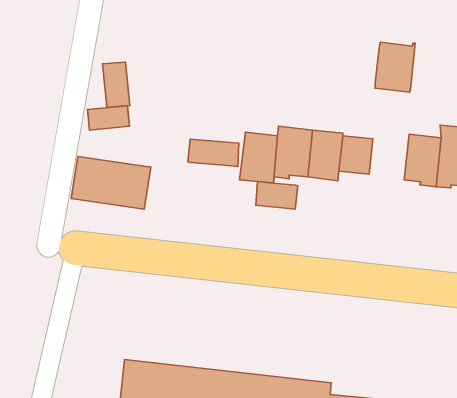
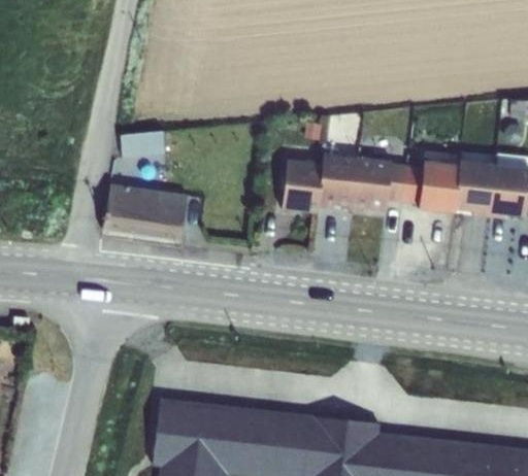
building: [375,42,415,92] -> [420,161,462,213]
building: [103,62,130,107] -> none
building: [188,139,239,166] -> none
building: [256,181,298,209] -> none

